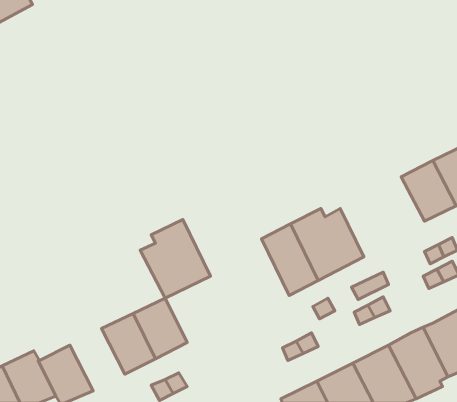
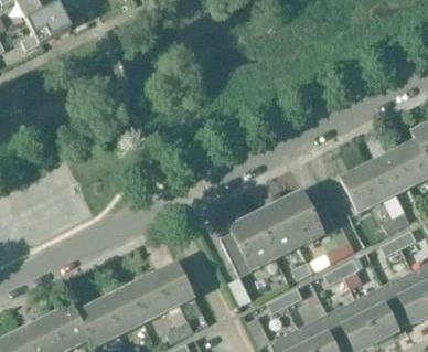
building: none -> [339,164,383,213]
building: [140,220,211,298] -> [218,214,275,277]
building: none -> [99,286,143,335]

